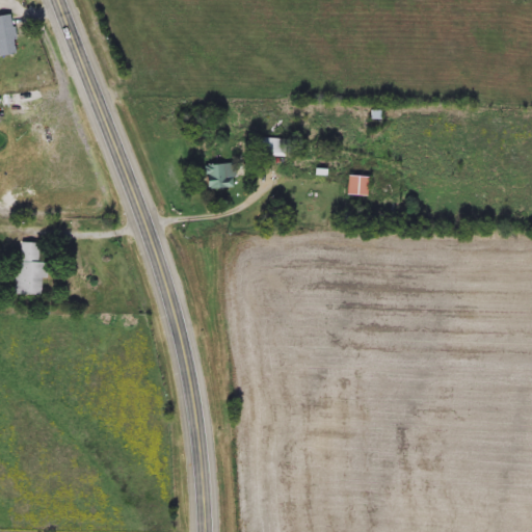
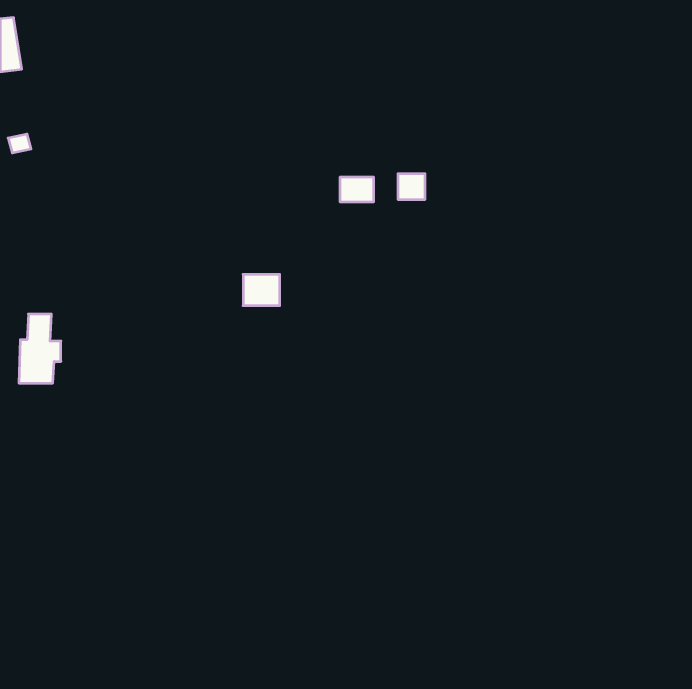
building: [206,163,234,187] -> [243,274,280,306]
building: [346,175,367,194] -> [398,174,425,199]

